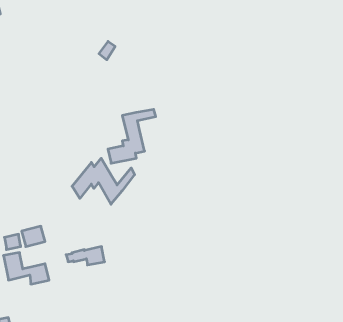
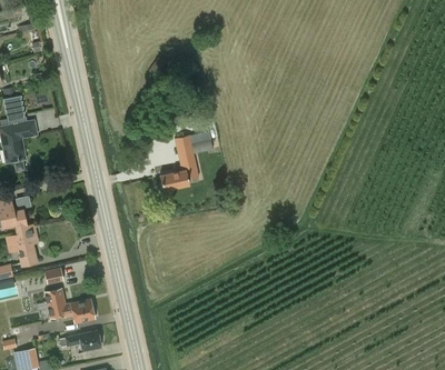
building: [72,158,135,204] -> none
building: [66,247,105,265] -> [58,330,100,350]

